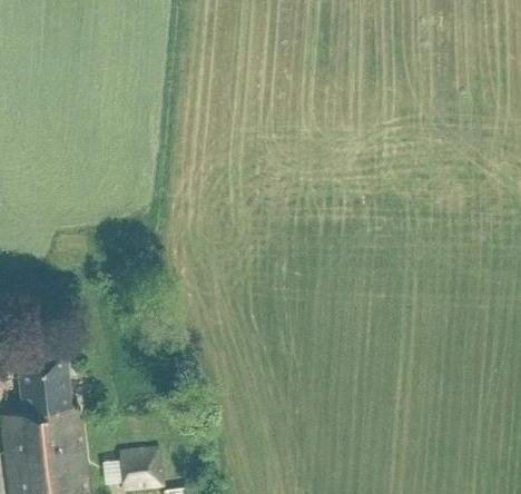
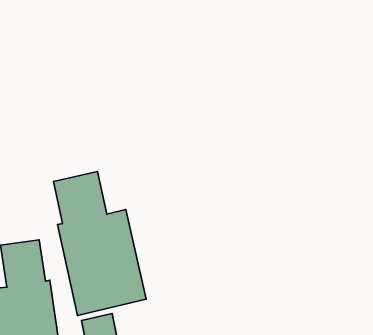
building: none -> [54,171,146,315]

